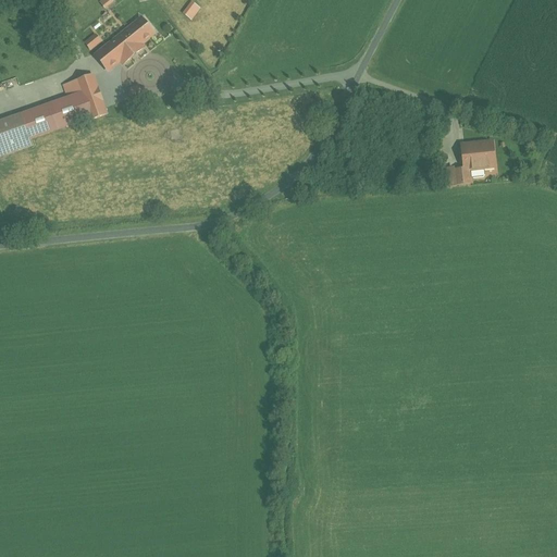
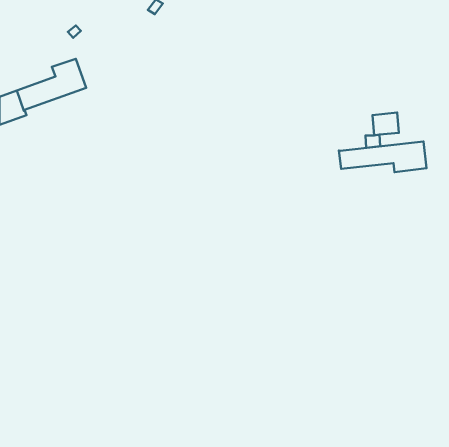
building: [94,15,152,67] -> none
building: none -> [339,141,426,172]

